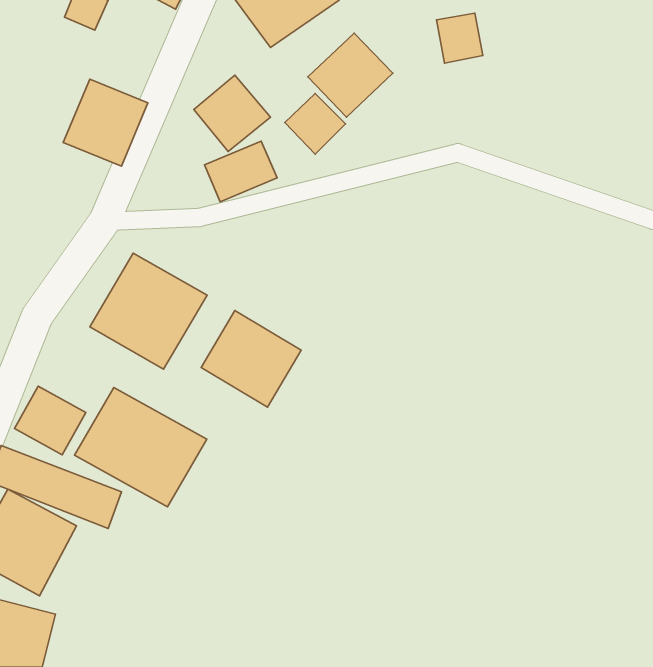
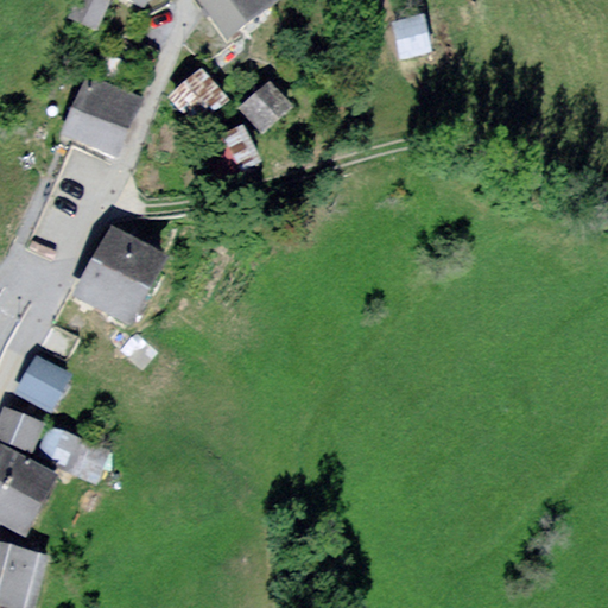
building: [308,33,393,117] -> none
building: [201,311,301,407] -> none
building: [75,387,207,507] -> none

